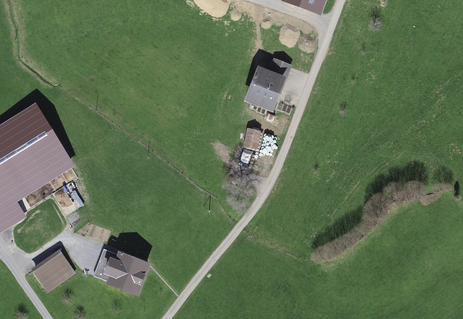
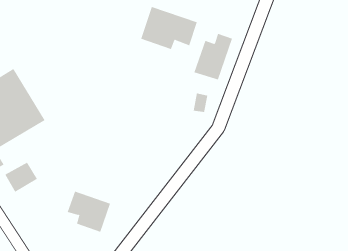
building: none -> [140,6,197,50]
building: [32,253,71,289] -> [5,162,38,192]

